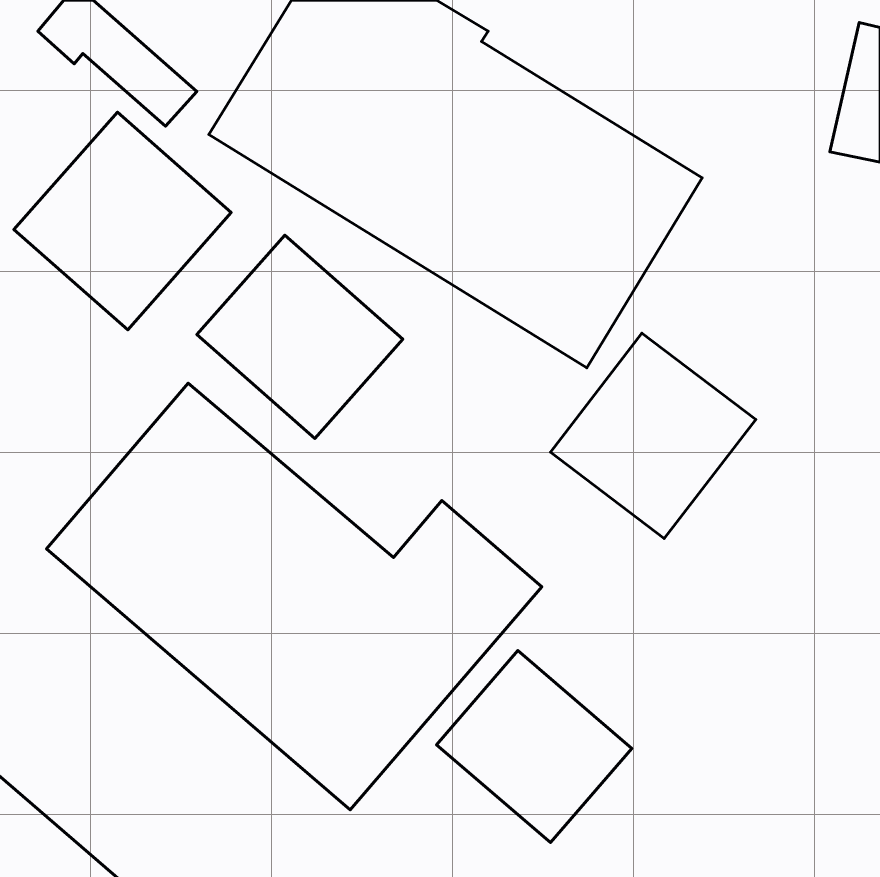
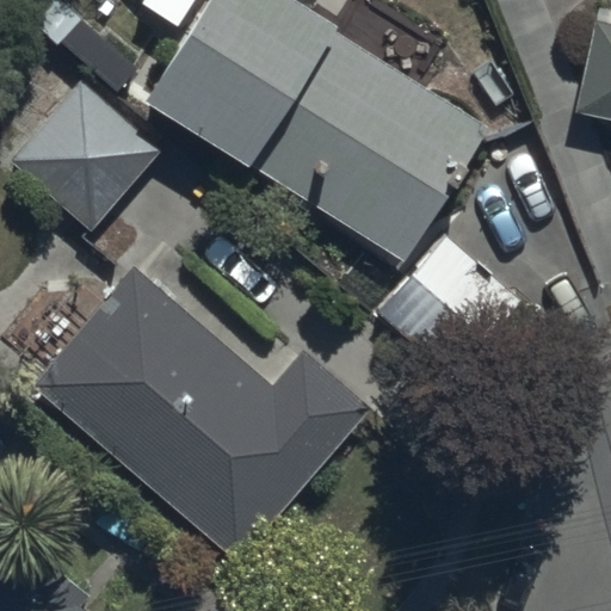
building: [197,235,403,439] -> none
building: [437,651,632,843] -> none

